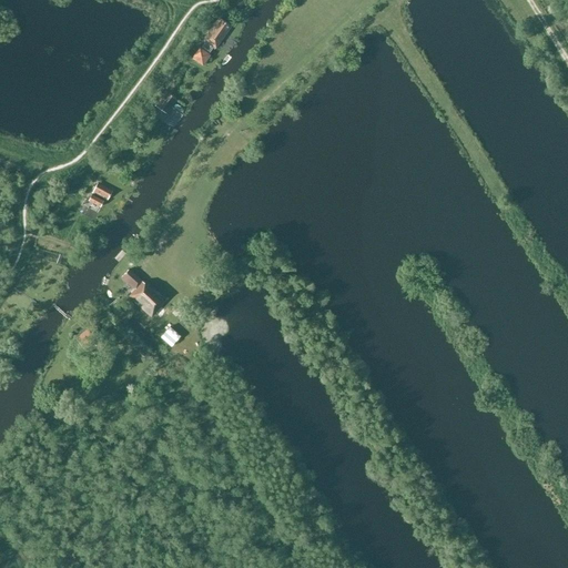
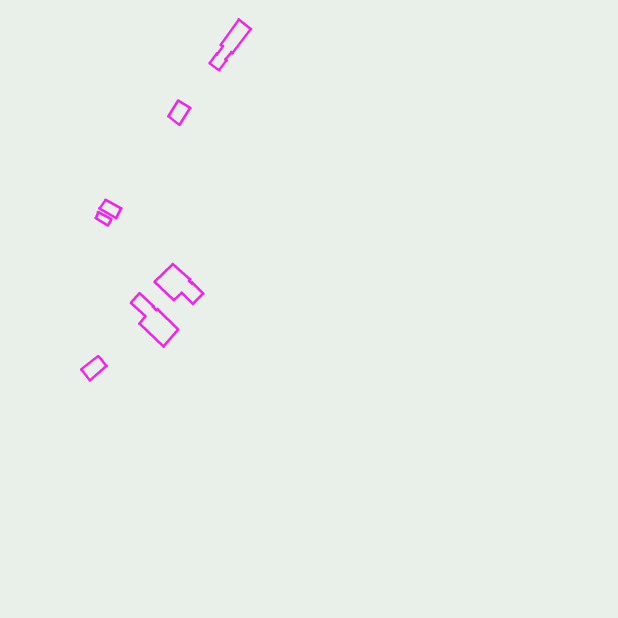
building: none -> [155,264,203,304]

